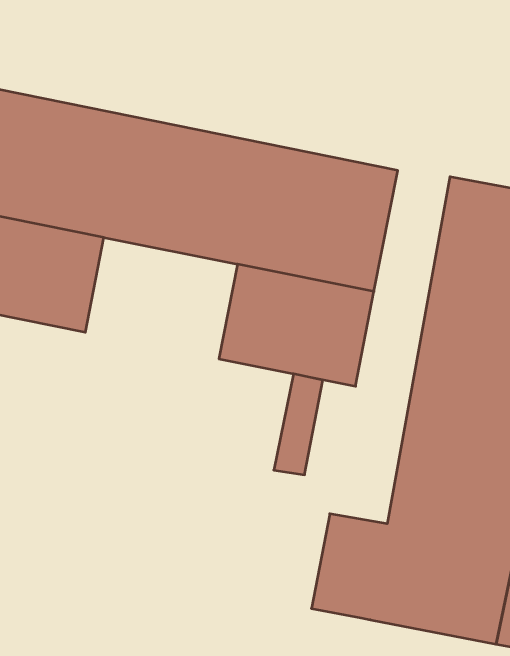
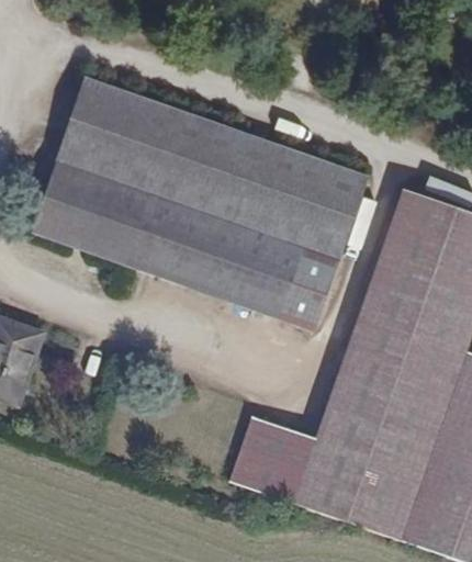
building: none -> [123,196,240,296]
building: [274,374,323,475] -> [237,413,282,487]

